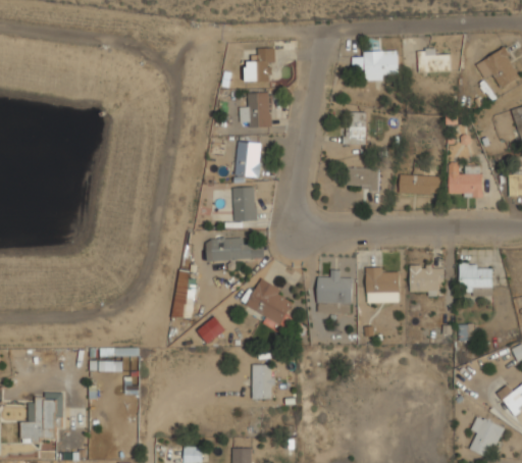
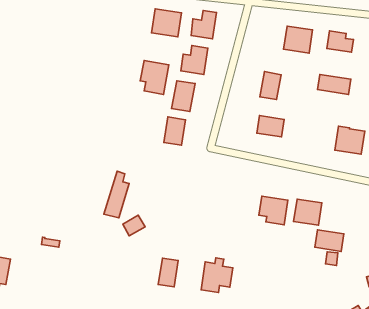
building: none -> [152,9,181,37]
building: none -> [140,60,169,94]
building: [399,175,438,195] -> [317,74,351,94]
building: [211,238,263,260] -> none
building: [459,267,492,290] -> [315,230,344,251]
building: [317,270,353,313] -> [201,258,233,293]
building: [246,278,292,325] -> none

